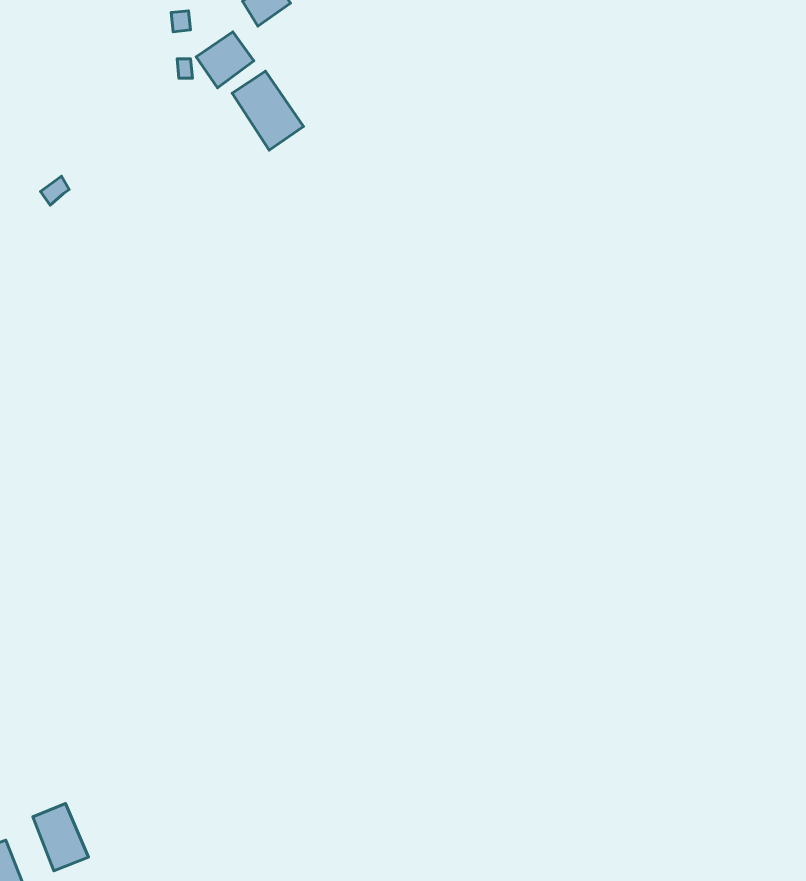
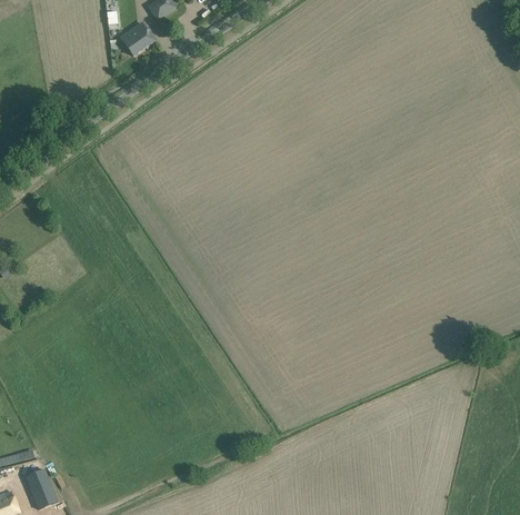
building: [232,71,303,150] -> none

